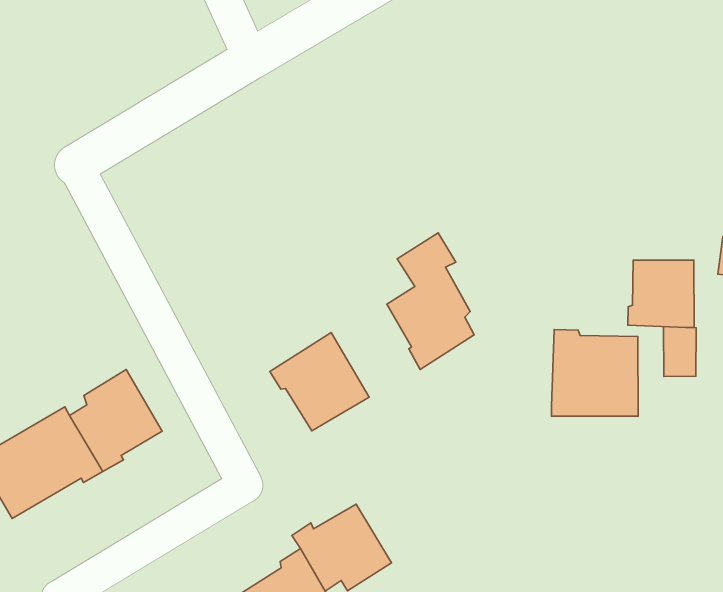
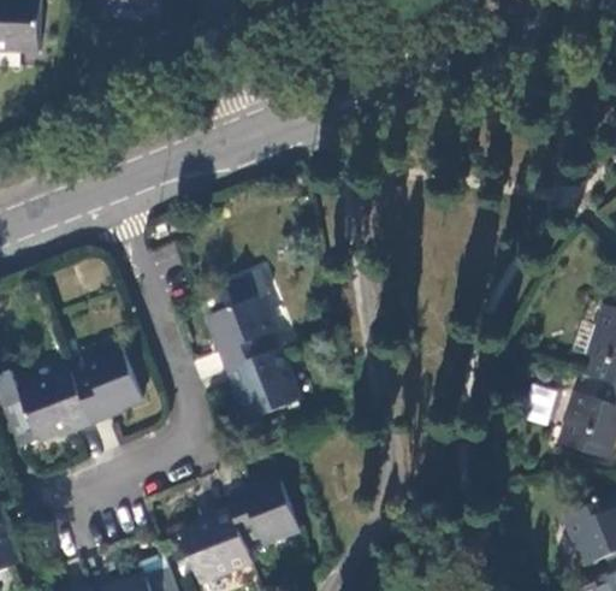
building: [387,233,474,369] -> [212,268,273,368]
building: [628,260,694,328] -> none
building: [551,329,638,416] -> none

